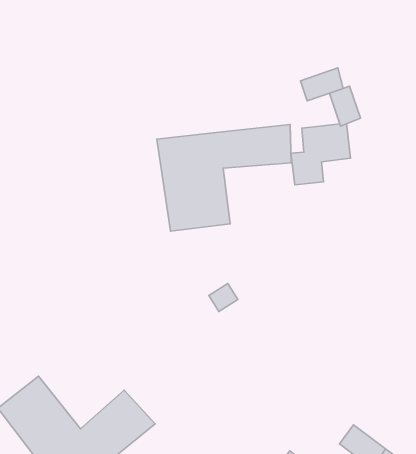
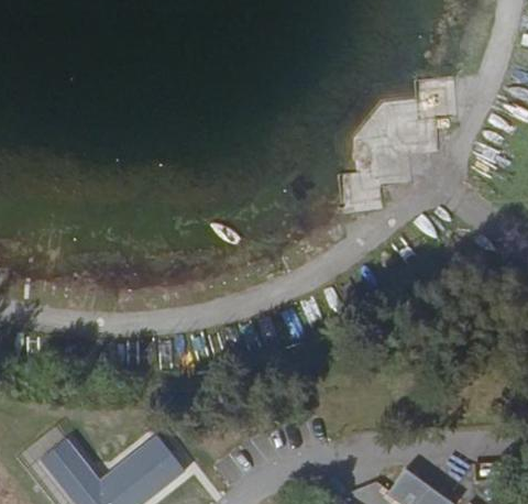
building: [300,68,343,101] -> none
building: [157,125,291,231] -> none

